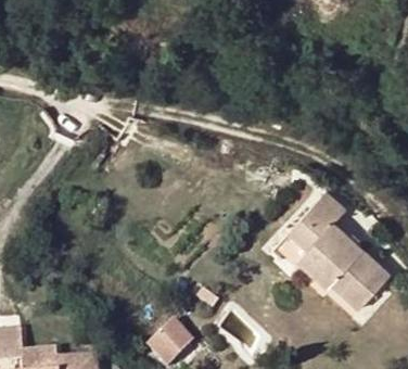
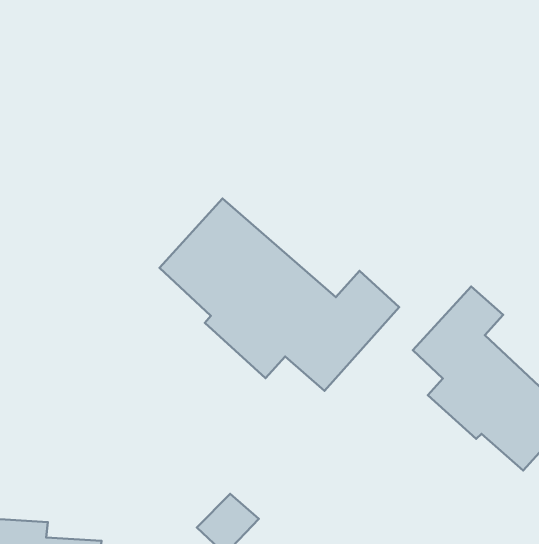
building: none -> [160,199,399,391]

